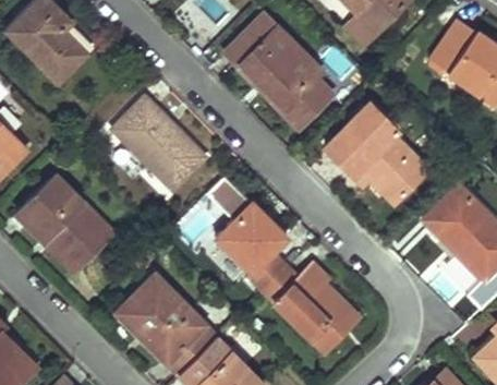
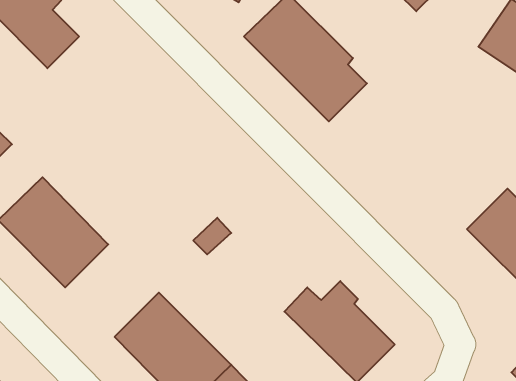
building: [109,94,207,191] -> none
building: [323,104,424,202] -> none
building: [209,179,287,289] -> none

